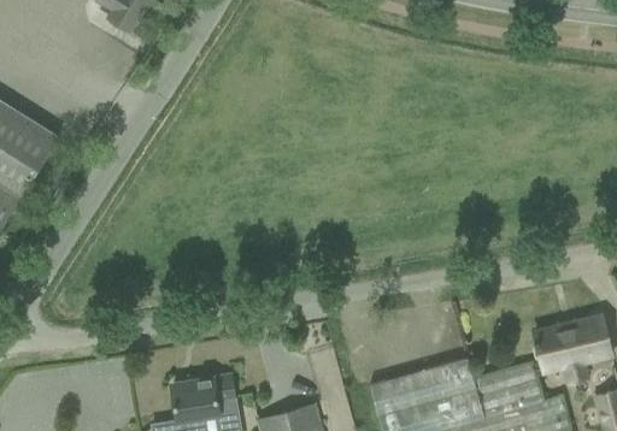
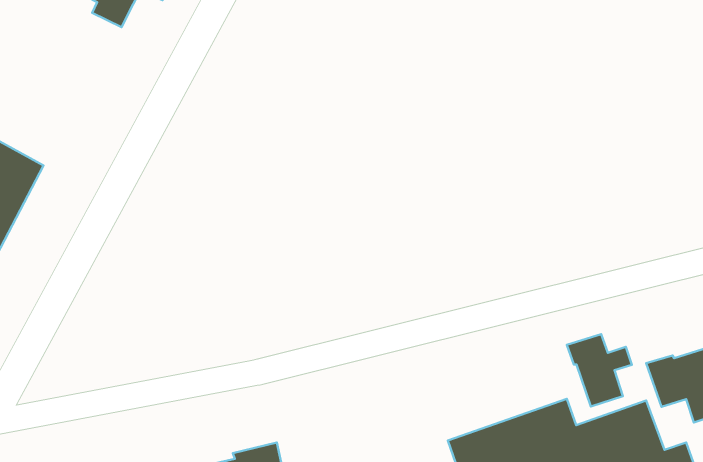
building: none -> [567,334,632,407]

